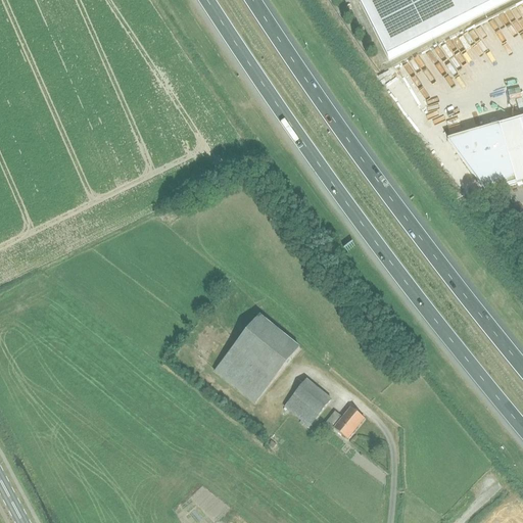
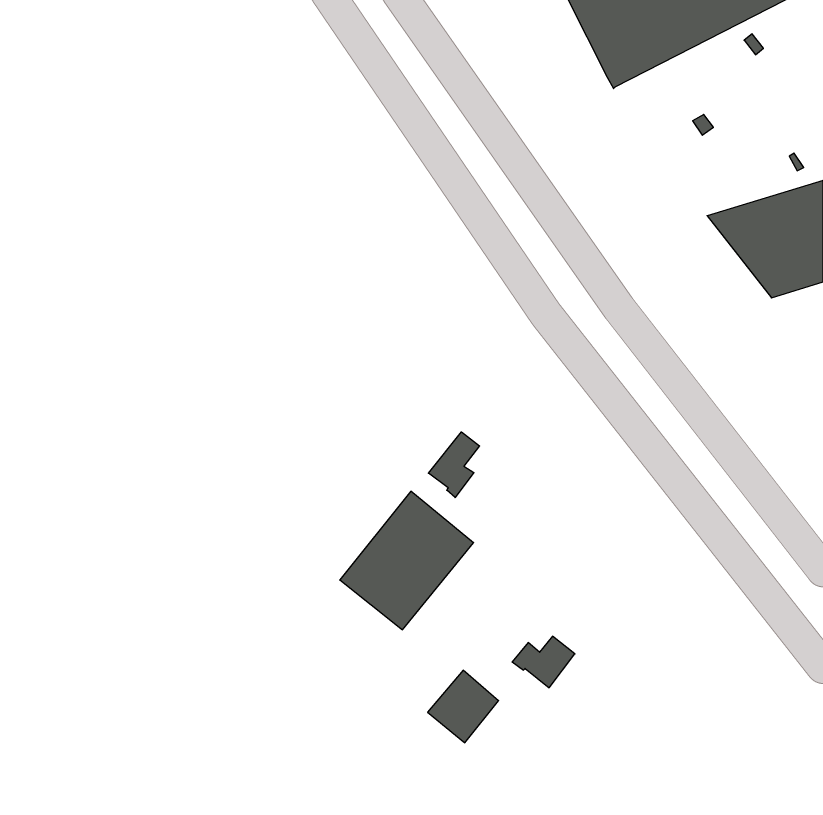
building: none -> [428,432,480,498]
building: [284,376,329,422] -> [428,670,499,743]

